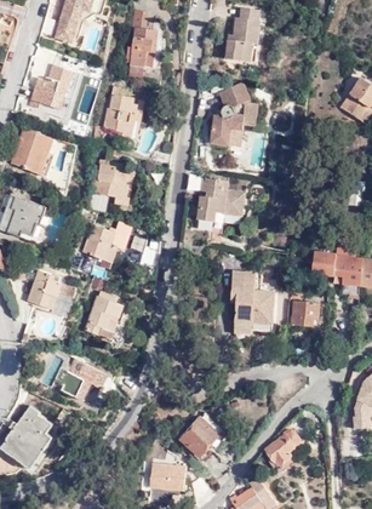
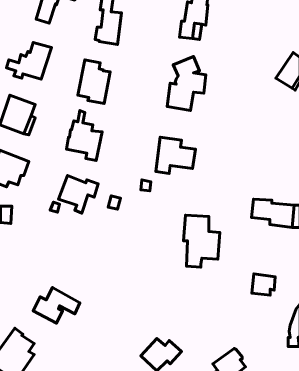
building: [27,270,75,313] -> none
building: [85,292,122,339] -> none
building: [291,301,319,326] -> [252,274,275,295]

